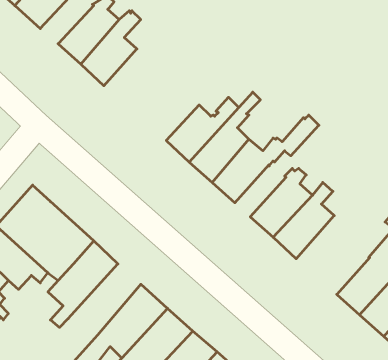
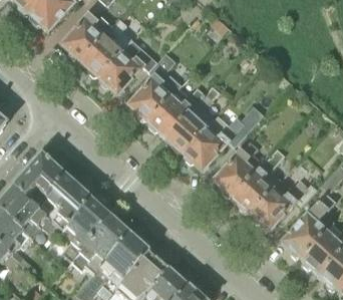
building: none -> [98,41,156,92]
building: none -> [128,61,178,119]
building: none -> [250,178,312,229]
building: none -> [70,217,127,273]

